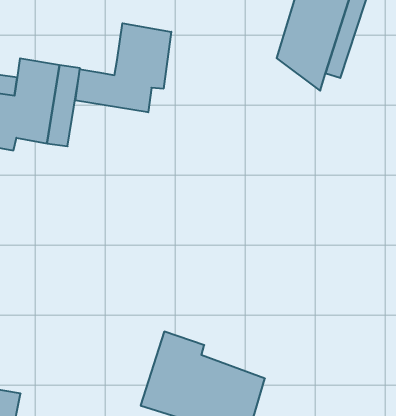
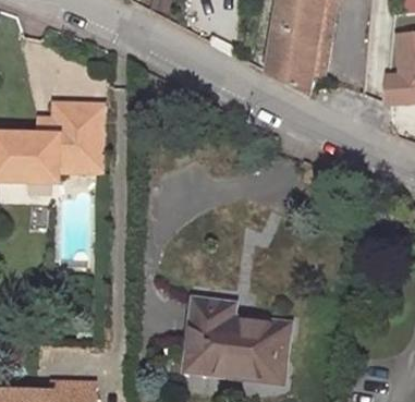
building: [75,23,171,112] -> none

